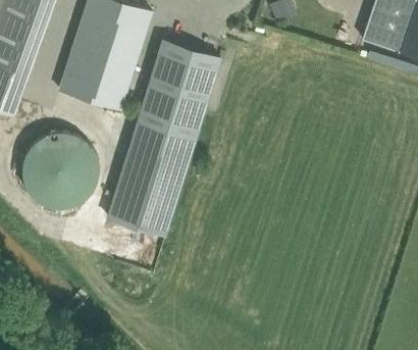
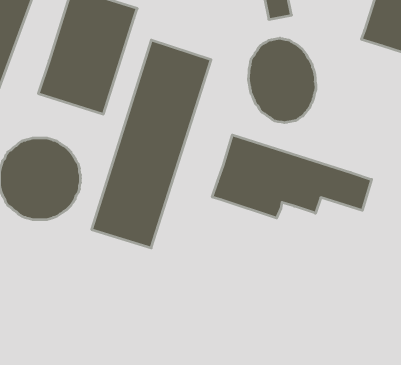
building: none -> [249,38,316,123]
building: none -> [212,135,372,218]

